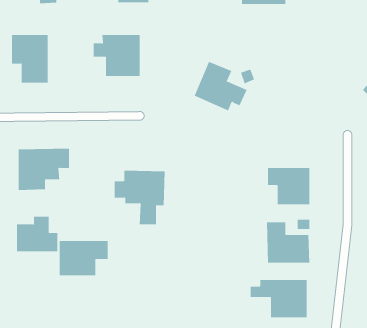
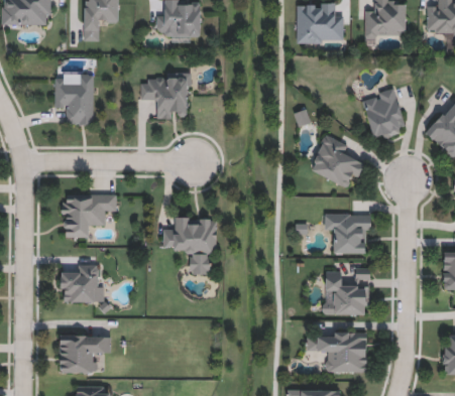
building: none -> [361,88,407,141]
building: [194,61,248,111] -> [309,134,365,186]
building: [59,240,109,276] -> [59,336,111,373]

